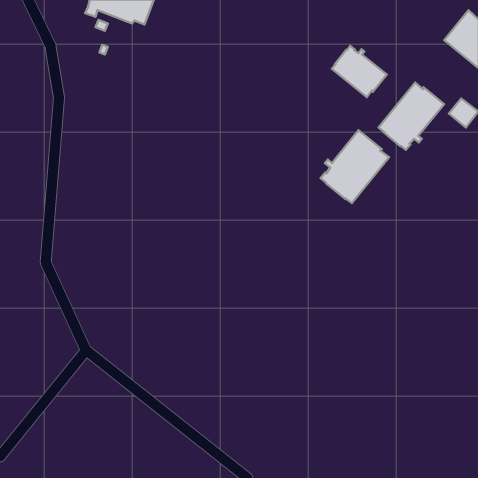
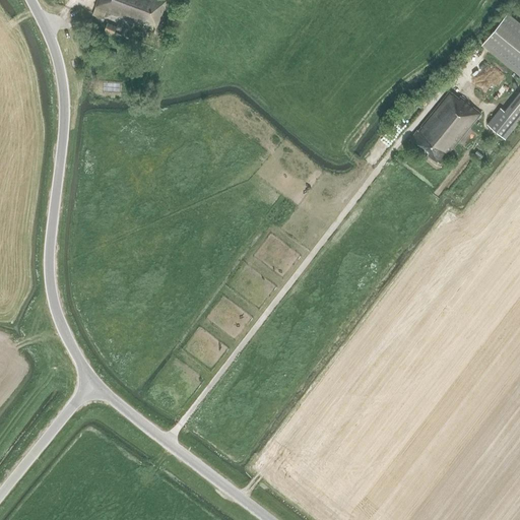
building: [332,46,387,97] -> none
building: [321,130,389,203] -> none

